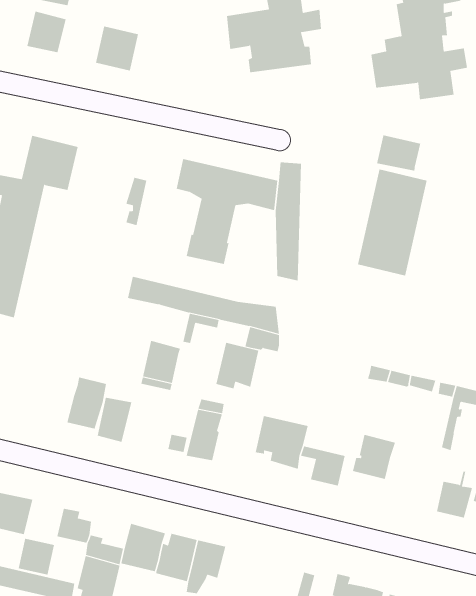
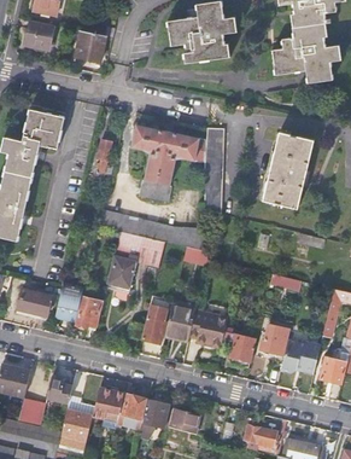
building: [376,135,421,171] -> none
building: [216,342,259,389] -> [164,304,195,338]
building: none -> [17,287,52,316]
building: none -> [280,341,320,374]
building: none -> [166,408,198,434]

